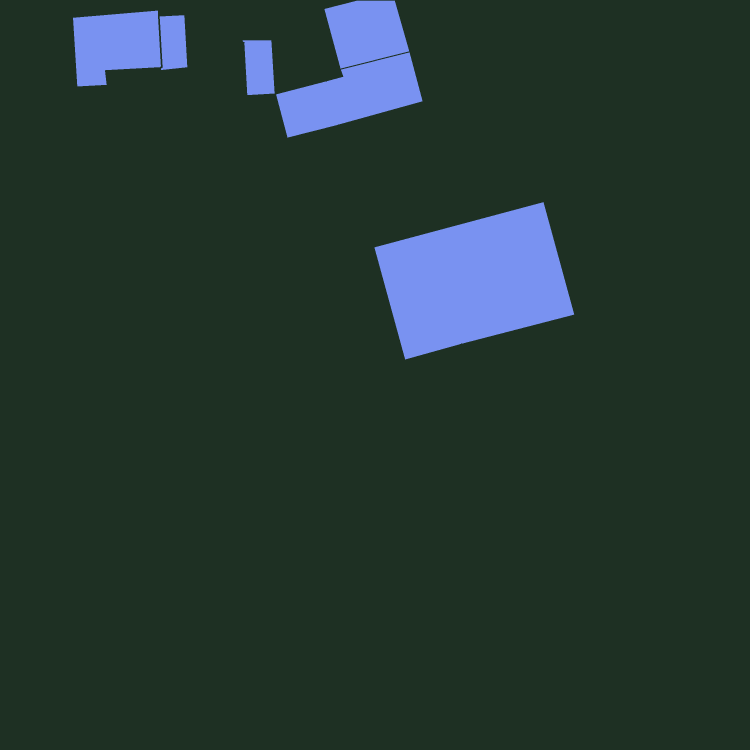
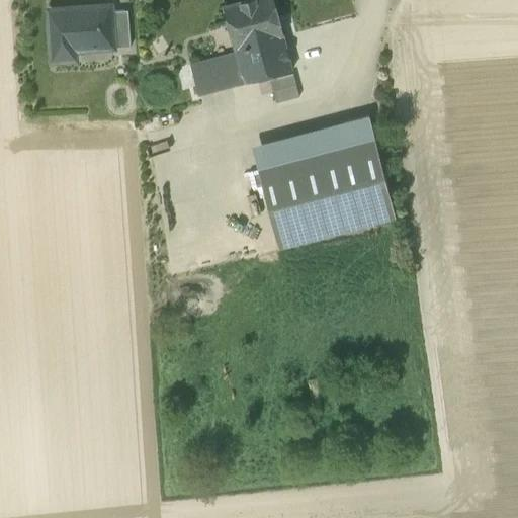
building: [242,40,275,96] -> none
building: none -> [269,75,298,103]
building: none -> [251,116,374,171]

